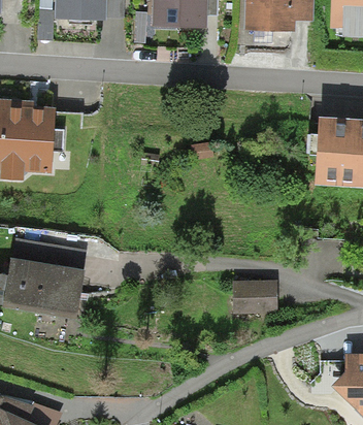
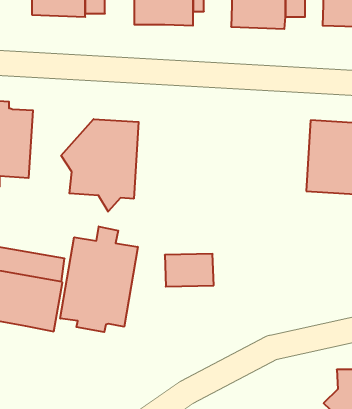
building: none -> [61,119,139,212]
building: none -> [60,226,138,332]
building: [231,279,277,309] -> [165,254,214,287]

